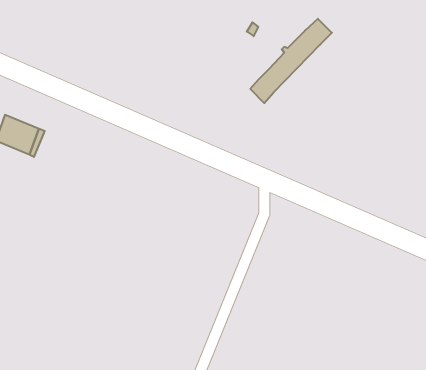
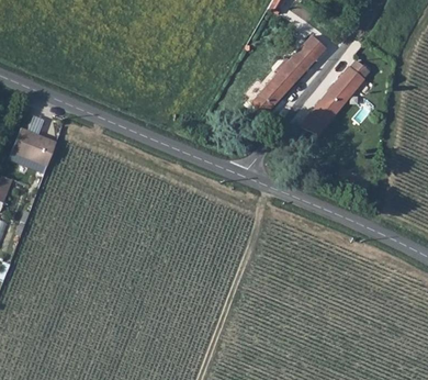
building: none -> [308,62,365,128]

